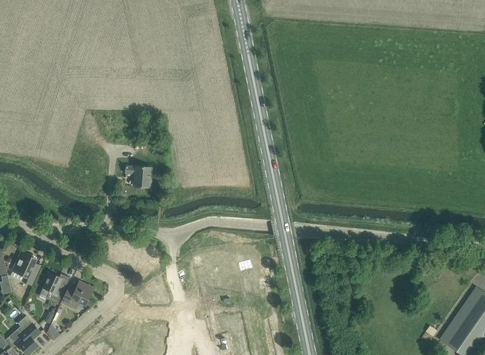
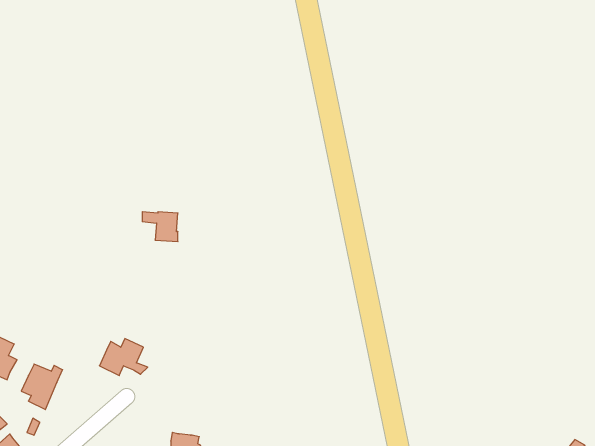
building: [61,282,95,308] -> [99,339,148,376]

